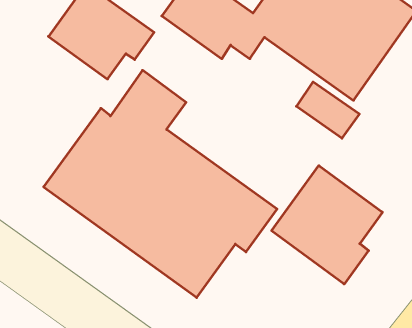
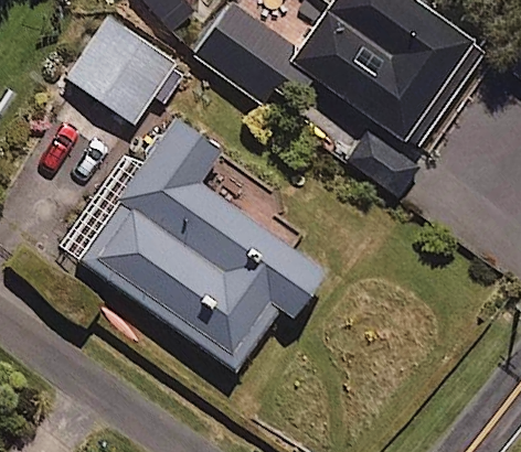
building: [272,166,382,284] -> none

